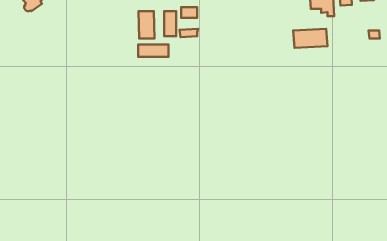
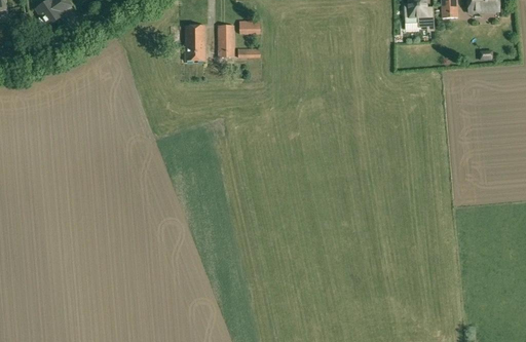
building: [293,29,328,48] -> none
building: [138,45,169,57] -> none

